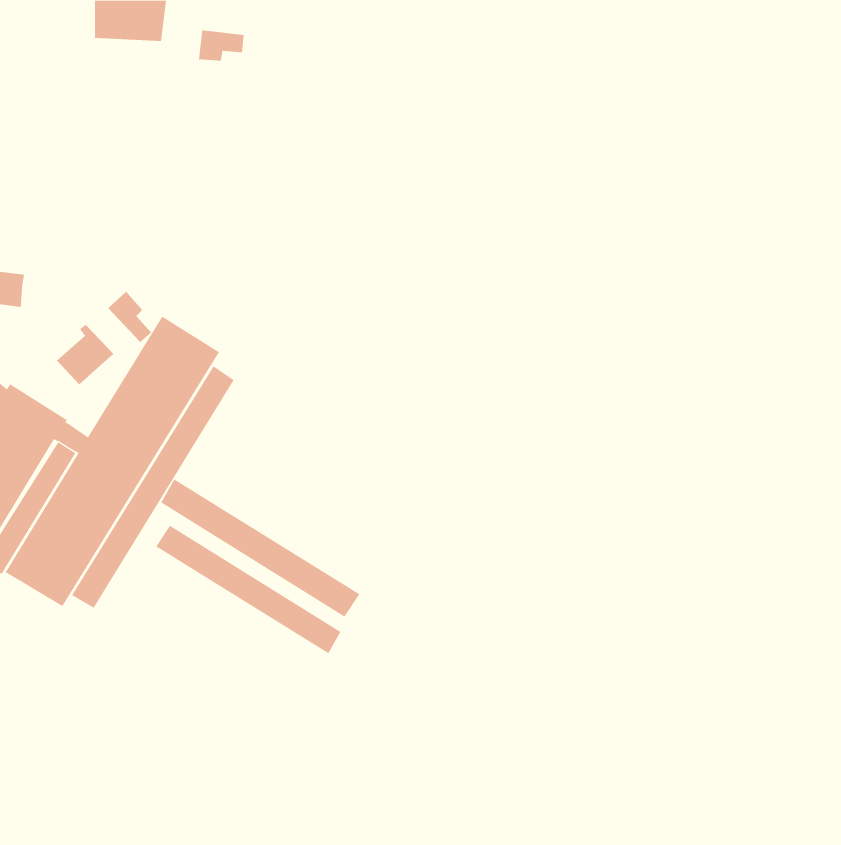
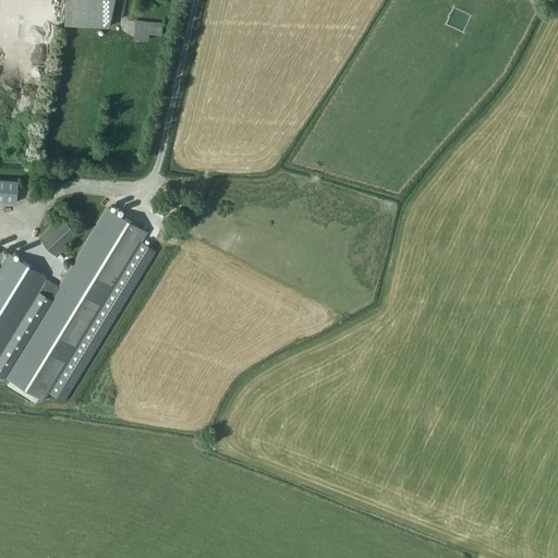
building: [108,291,152,343] -> none
building: [160,479,360,618] -> none
building: [155,525,341,654] -> none

